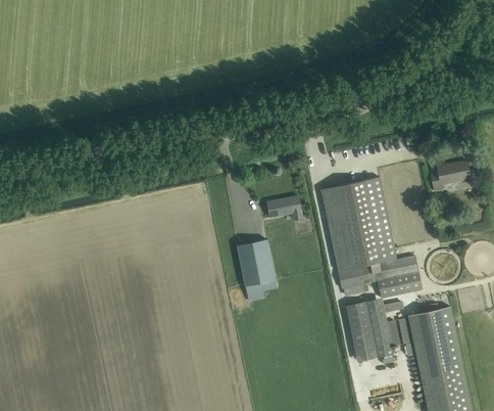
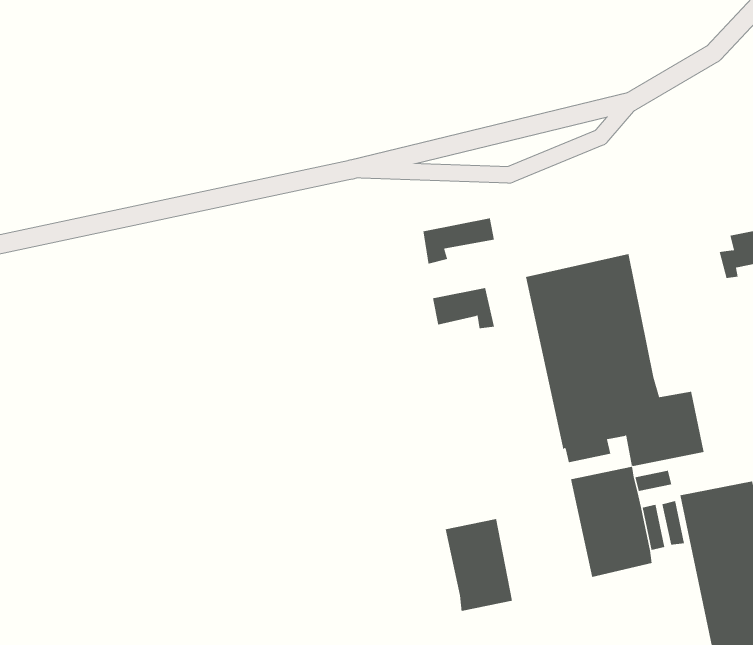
building: none -> [423,218,495,265]
building: [237,240,276,293] -> [445,518,513,611]

